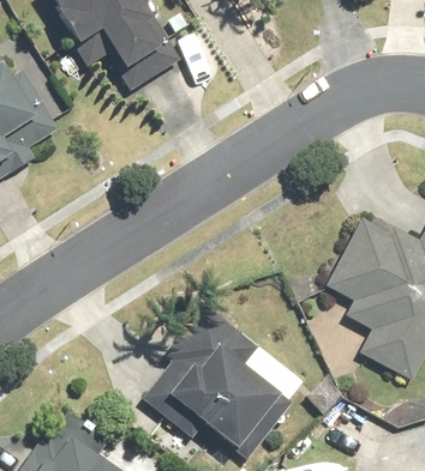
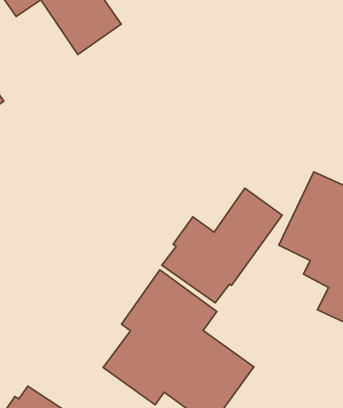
building: none -> [162,188,282,303]

